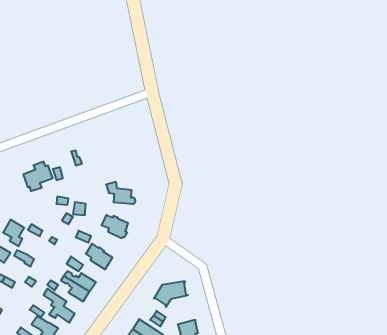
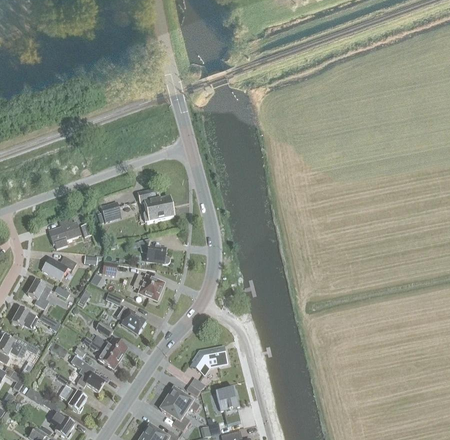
building: none -> [138,188,173,221]
building: none -> [41,254,76,279]

